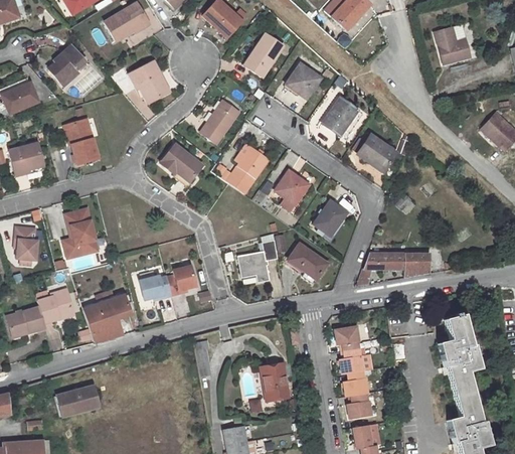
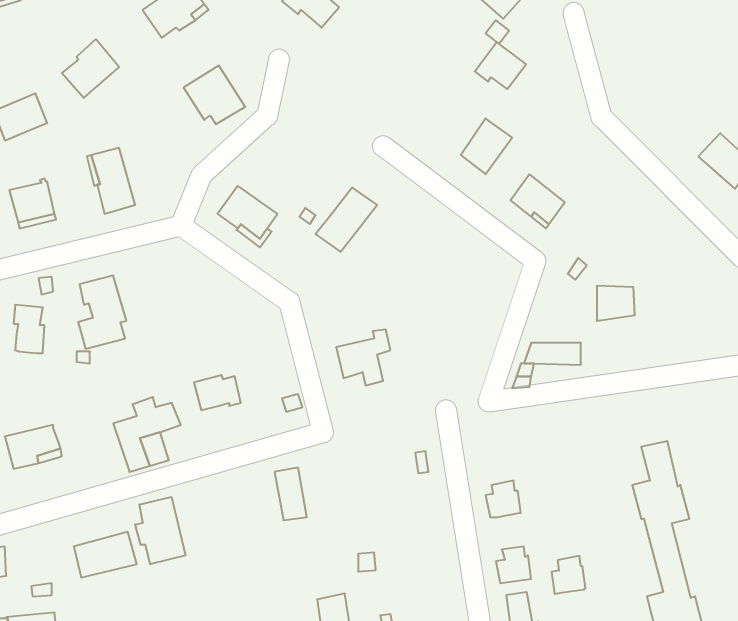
building: [438,22,473,57] -> none
building: [242,37,279,79] -> none
building: [285,64,320,97] -> [475,42,526,89]
building: [195,100,234,142] -> none
building: [273,171,306,203] -> none
building: [312,200,346,237] -> none
building: [288,245,325,278] -> none
building: [404,253,431,277] -> [597,286,635,321]
building: [167,265,196,294] -> none
building: [39,289,76,322] -> none
building: [334,325,358,350] -> none
building: none -> [135,497,185,564]
building: [261,361,287,399] -> none
building: [343,369,366,396] -> [552,556,585,594]

